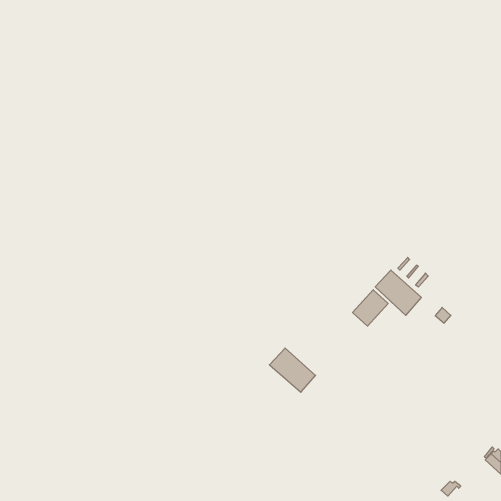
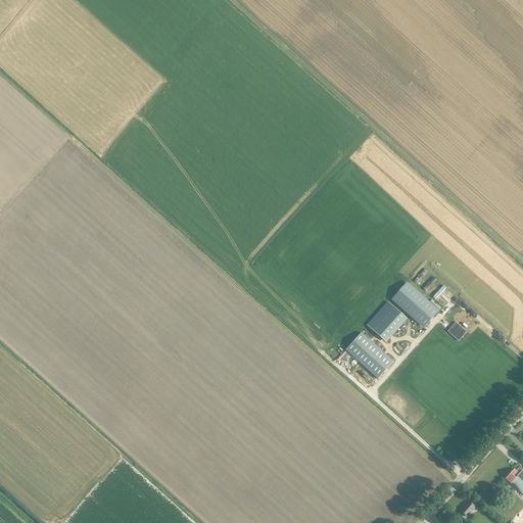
building: [269,348,316,392] -> [344,332,392,378]

